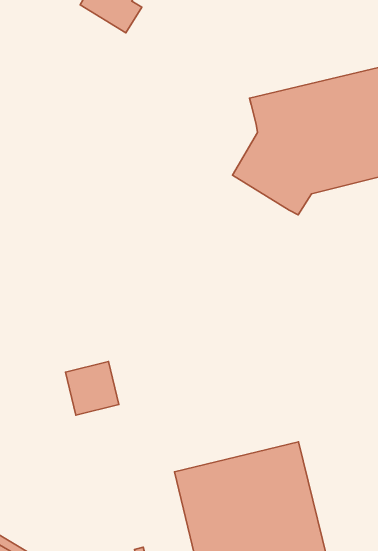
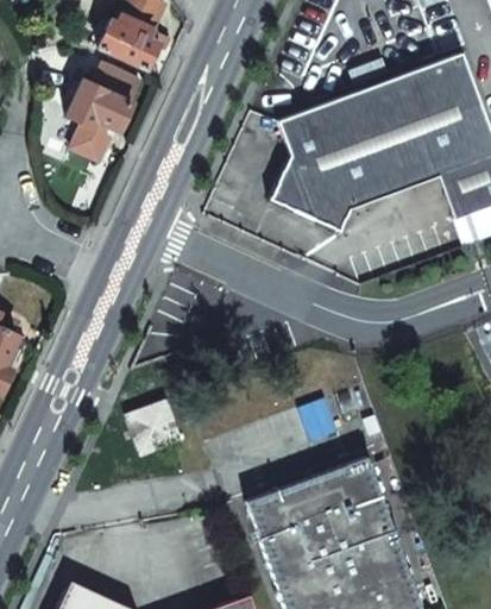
building: none -> [65,63,141,159]

